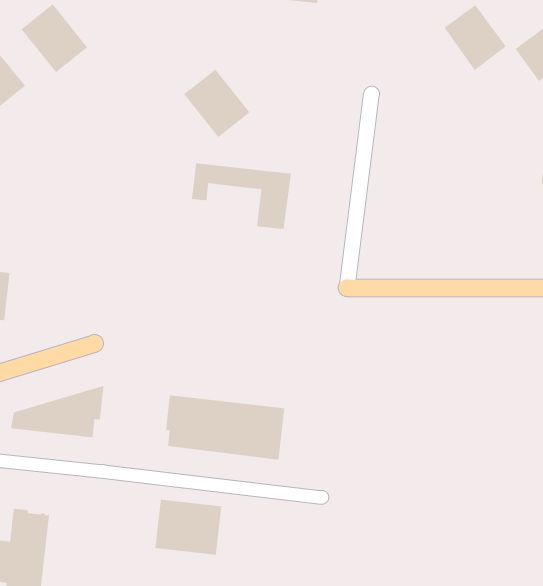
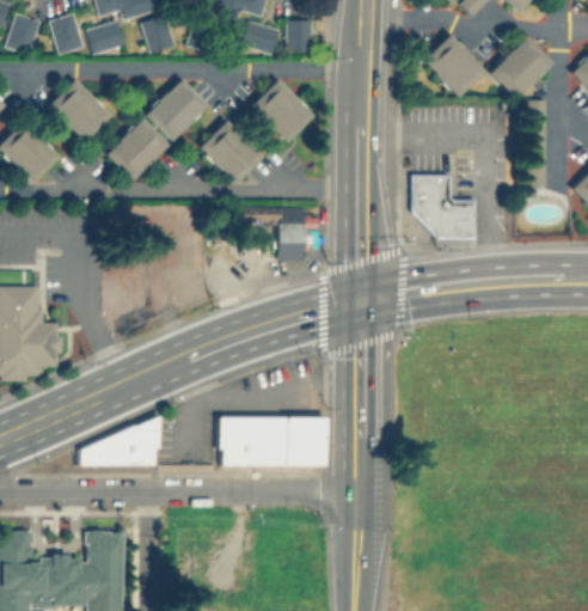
building: none -> [145,79,207,140]
building: none -> [251,80,312,141]
building: none -> [105,118,167,181]
building: none -> [410,176,473,238]
building: [155,499,222,556] -> none

